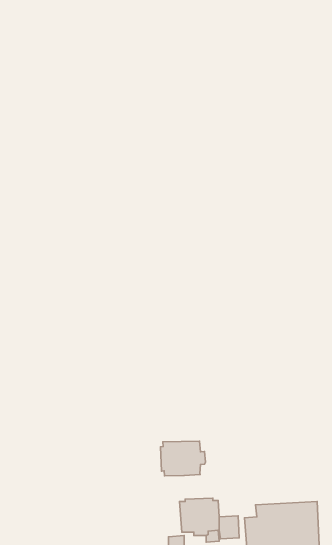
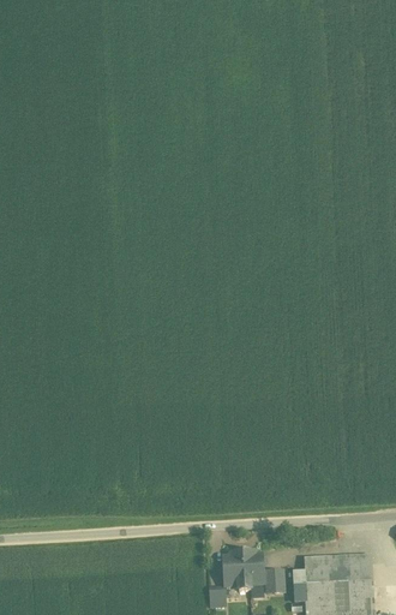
building: [161,441,205,476] -> none

